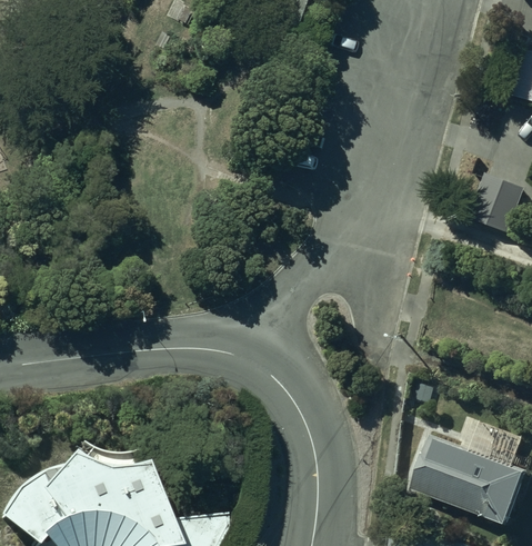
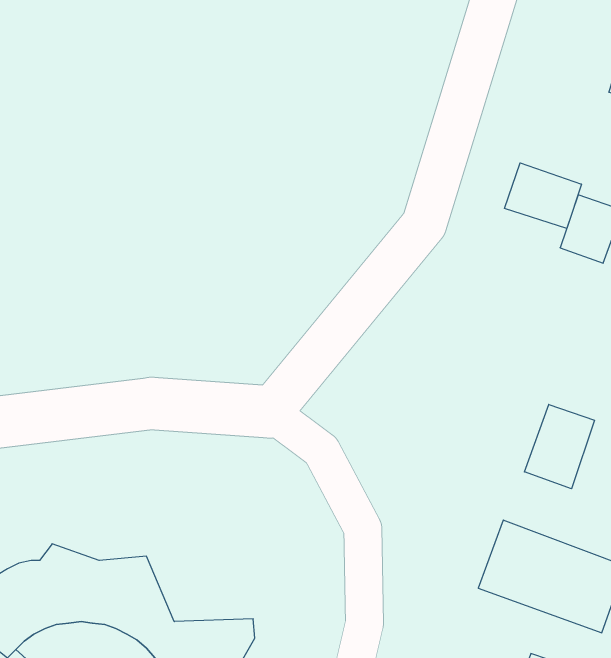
building: none -> [504,163,581,229]
building: none -> [524,404,595,489]

